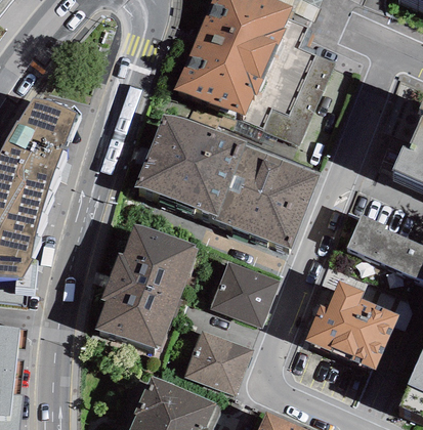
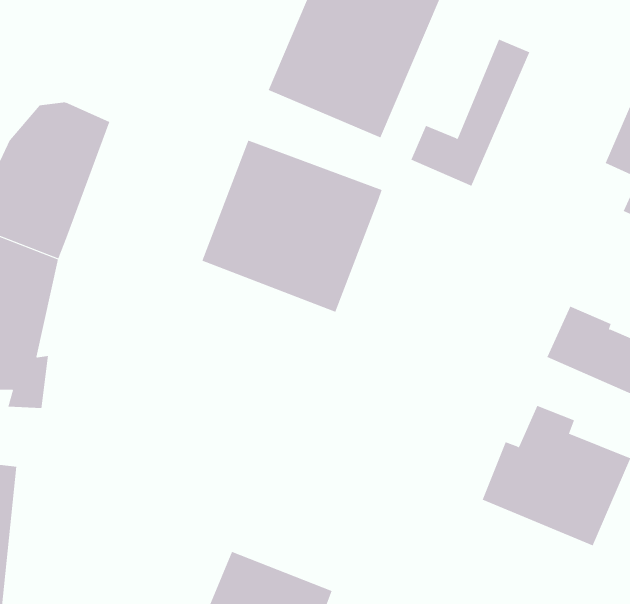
building: [215,154,318,255] -> none
building: [96,230,199,357] -> none
building: [211,261,280,328] -> none
building: [185,331,254,396] -> none

